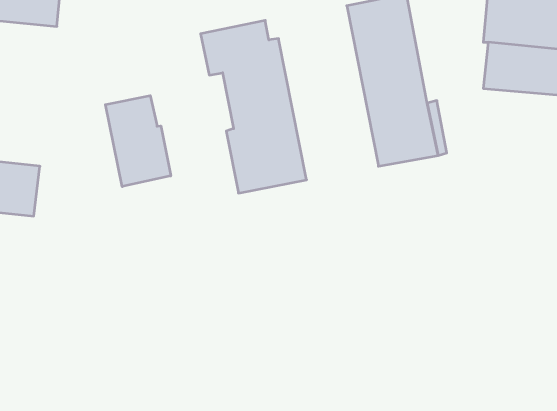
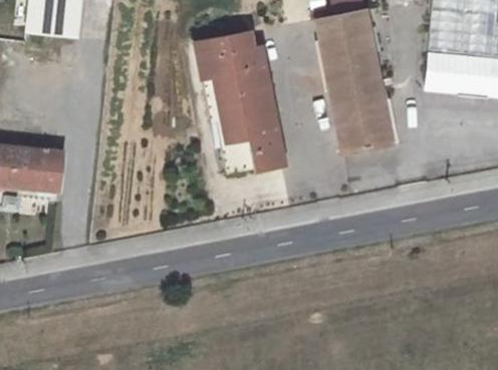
building: [105,96,171,187] -> none

